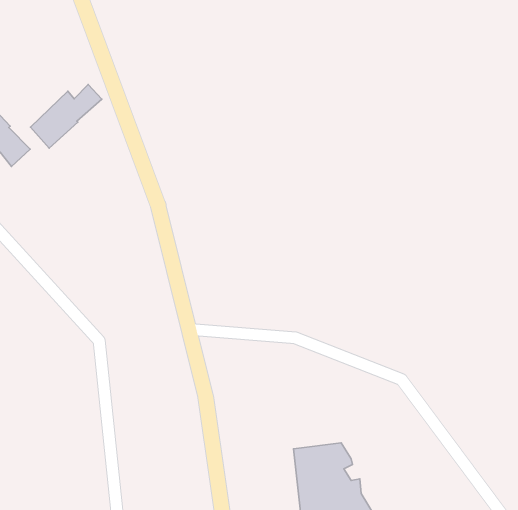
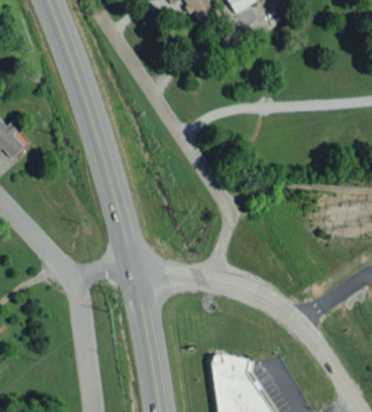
building: [30,84,102,148] -> none

